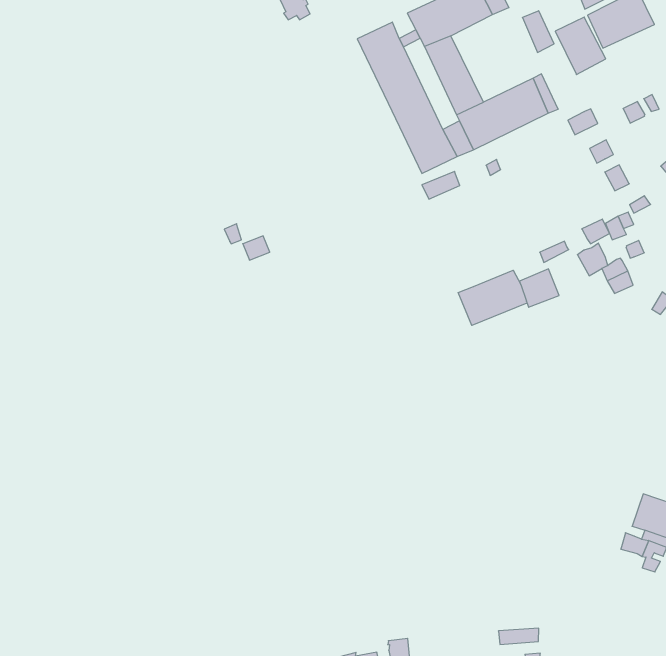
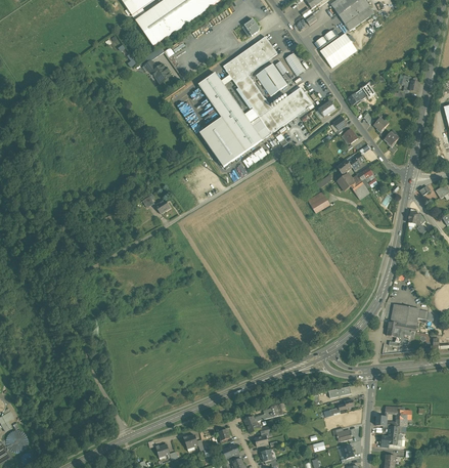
building: [555,17,606,75] -> [259,62,288,94]
building: none -> [199,116,245,166]
building: [458,270,527,325] -> none

